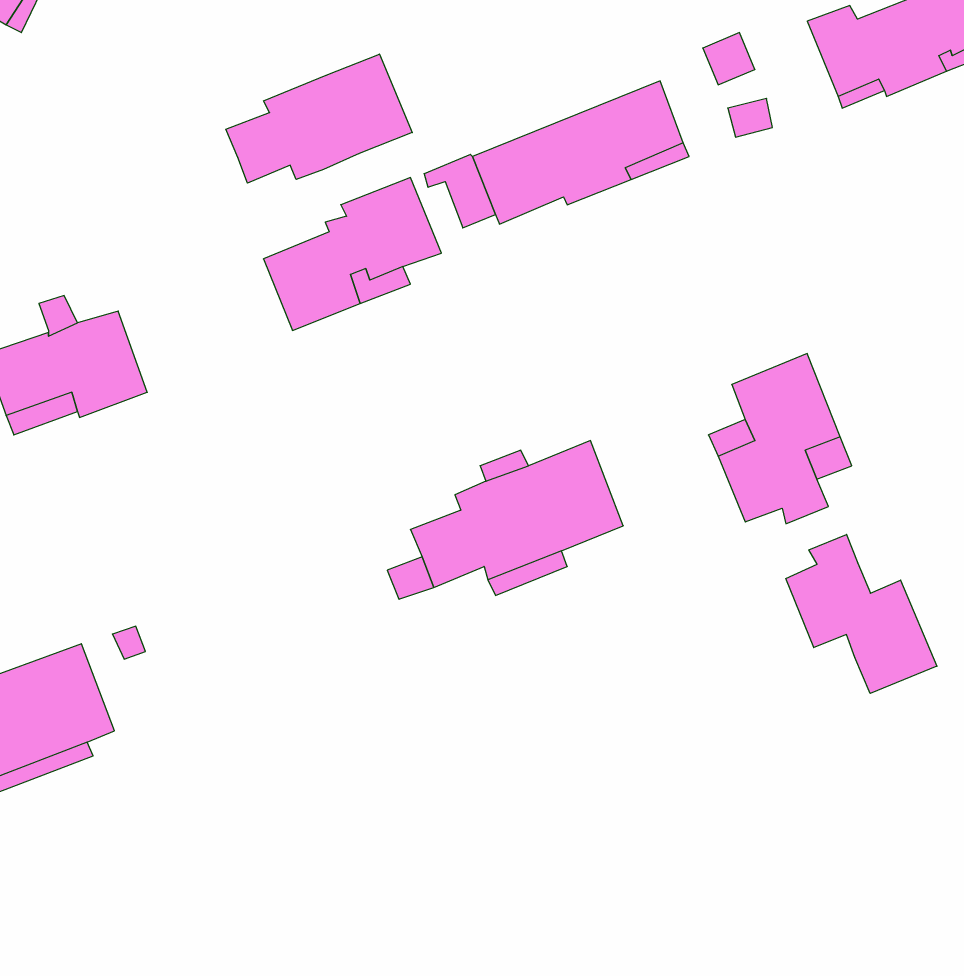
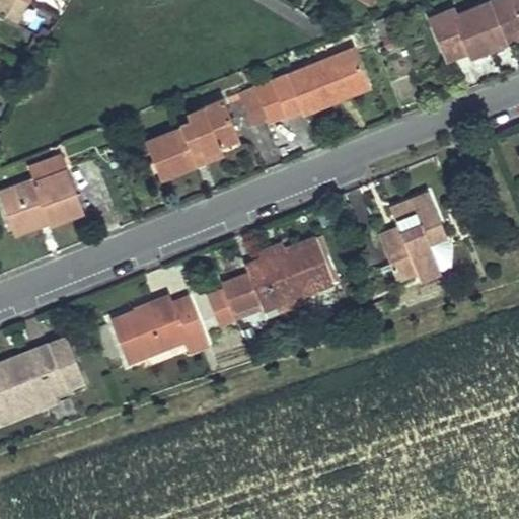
building: [226,54,412,183] -> none
building: [786,534,937,693] -> none
building: none -> [110,296,209,362]

